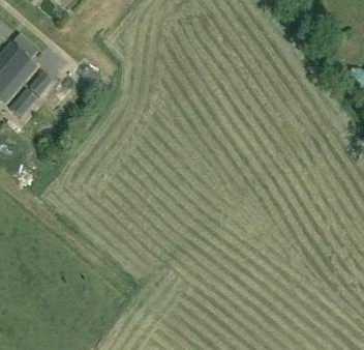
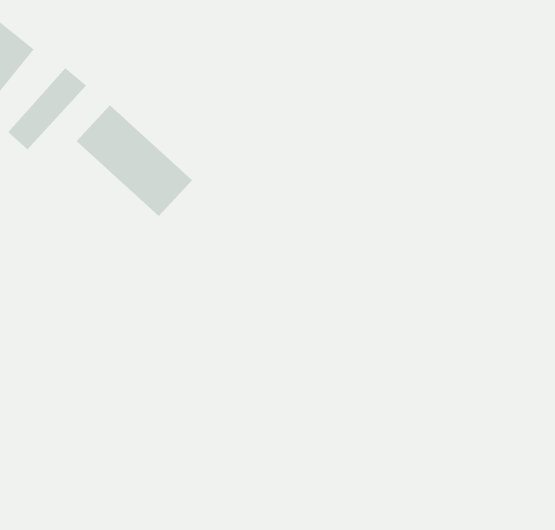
building: none -> [76,105,193,217]

